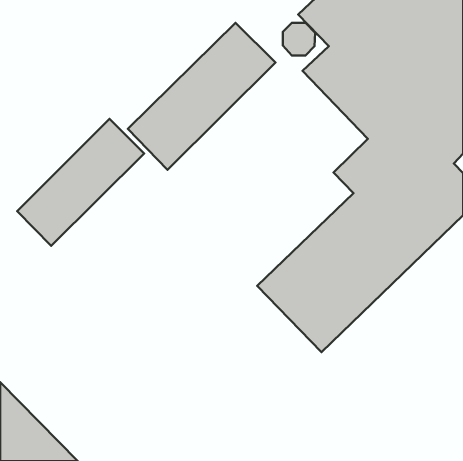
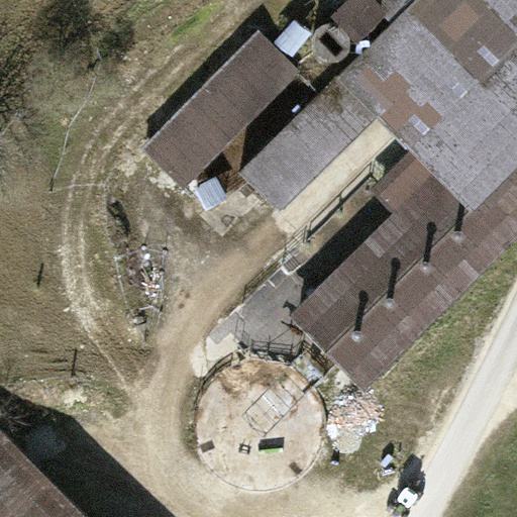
building: none -> [242,83,372,210]
building: [17,119,144,246] -> none

